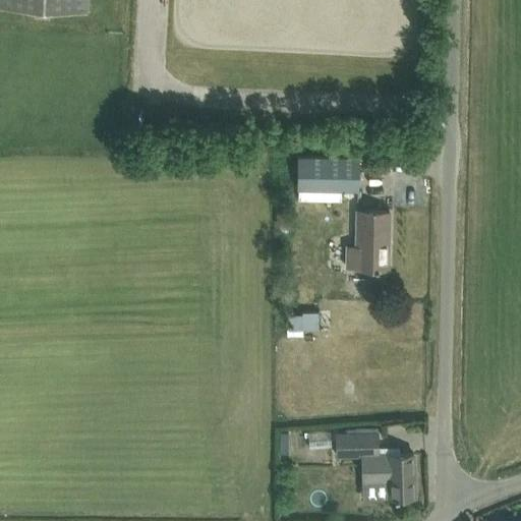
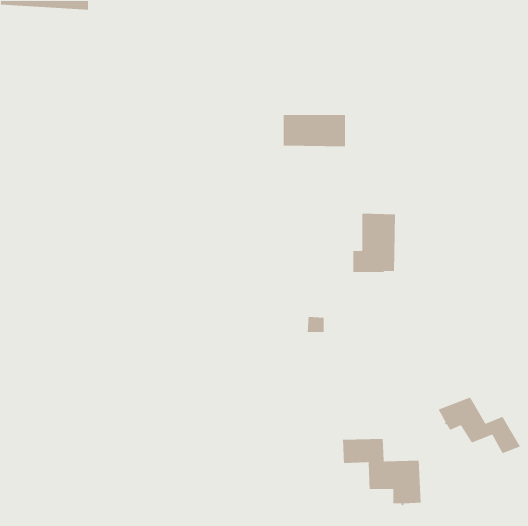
building: [296,159,358,191] -> [283,114,346,147]
building: none -> [437,396,521,454]

